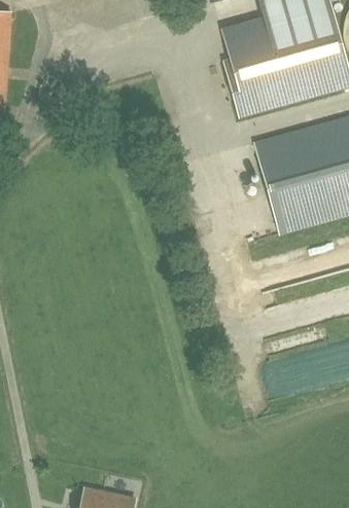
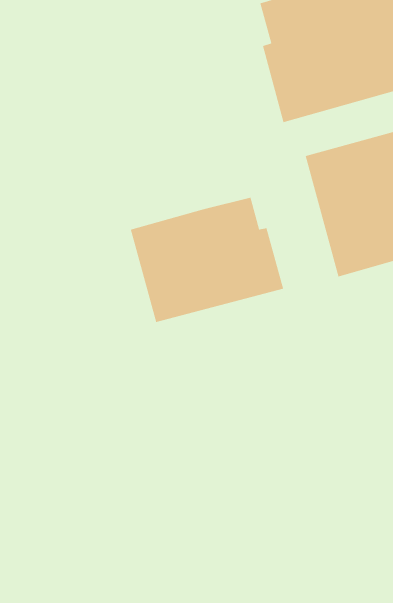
building: none -> [130,197,284,323]

